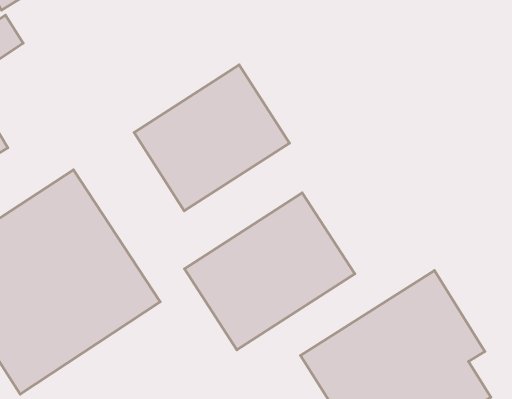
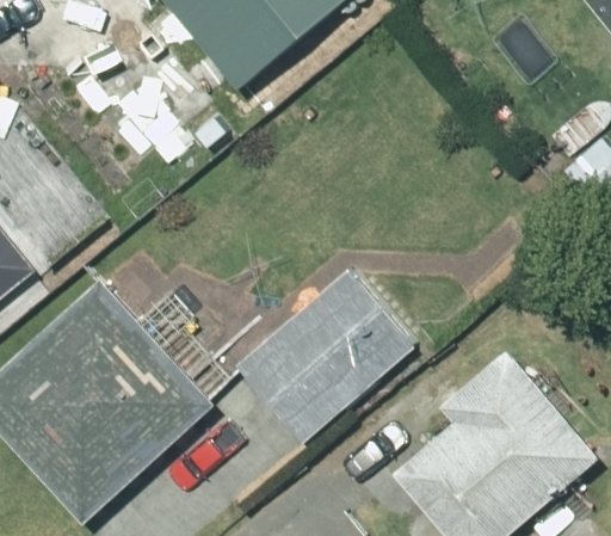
building: [134,65,289,211] -> none

